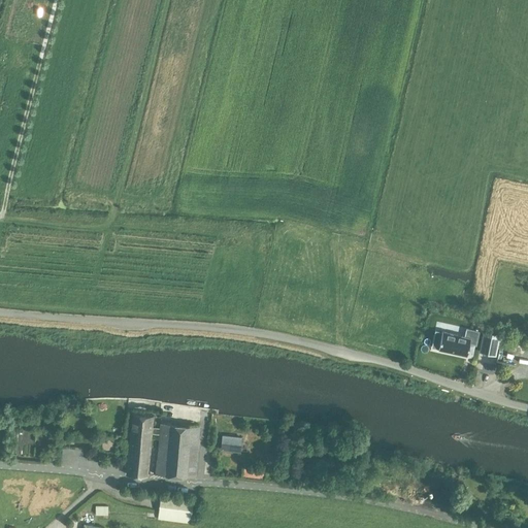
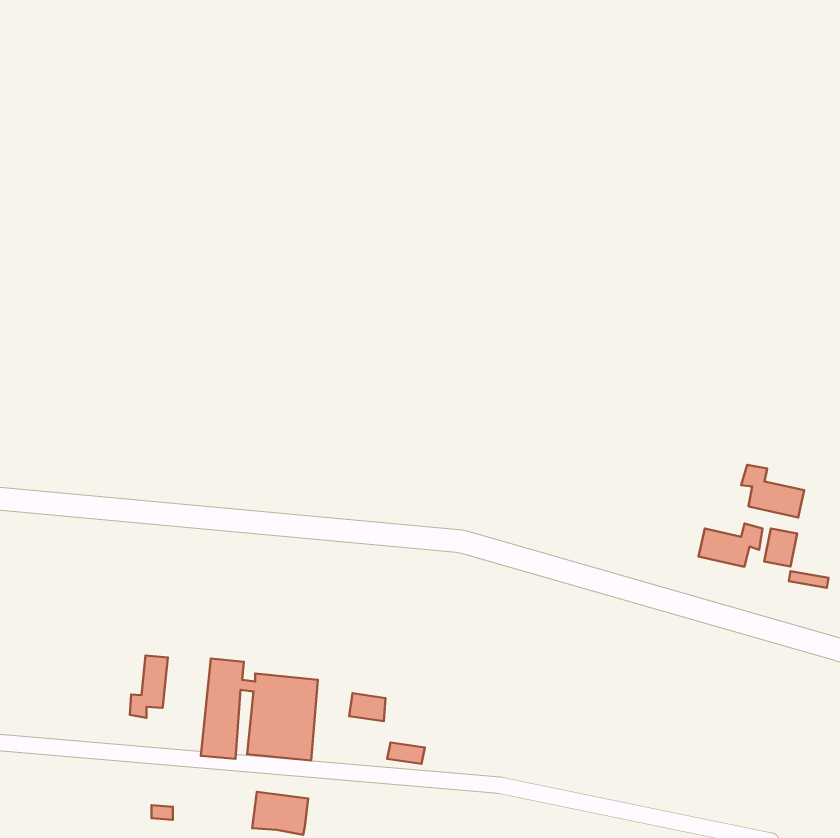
building: none -> [741,465,804,517]
building: none -> [130,656,168,718]

